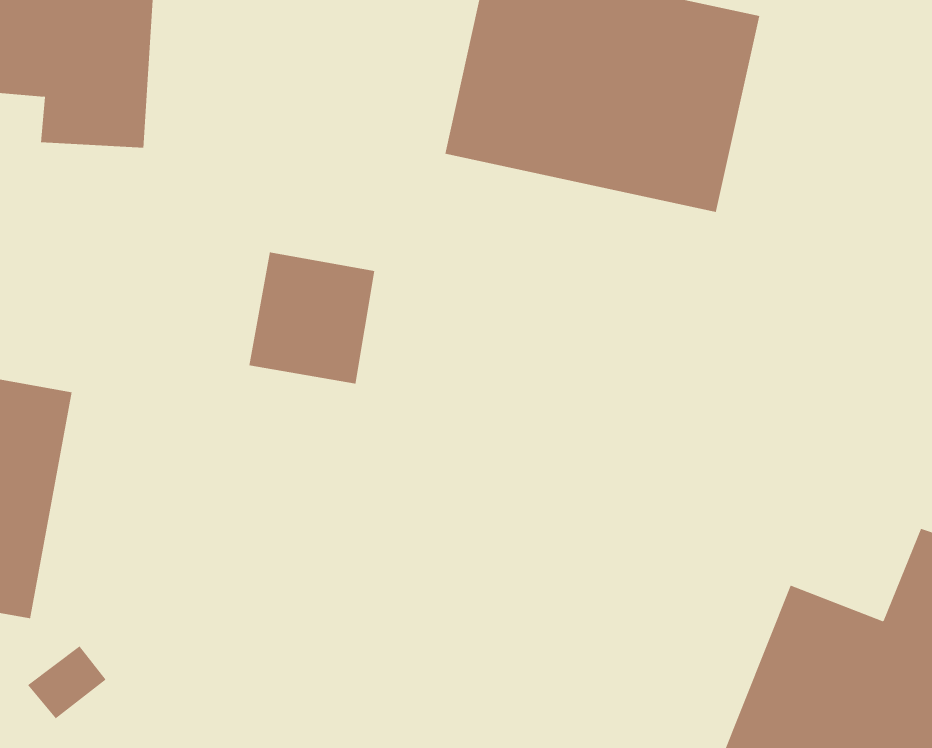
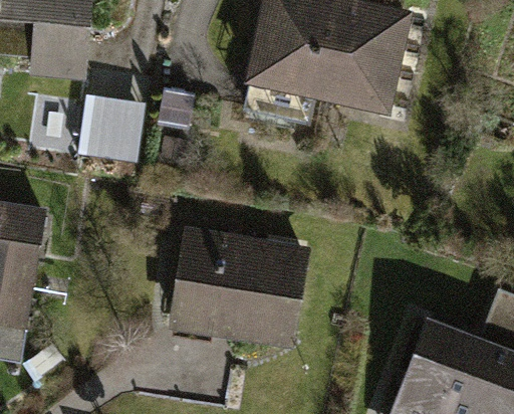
building: [249,252,375,384] -> [82,80,150,151]
building: none -> [168,227,312,350]

